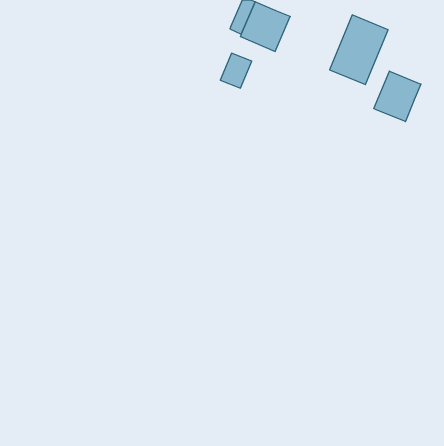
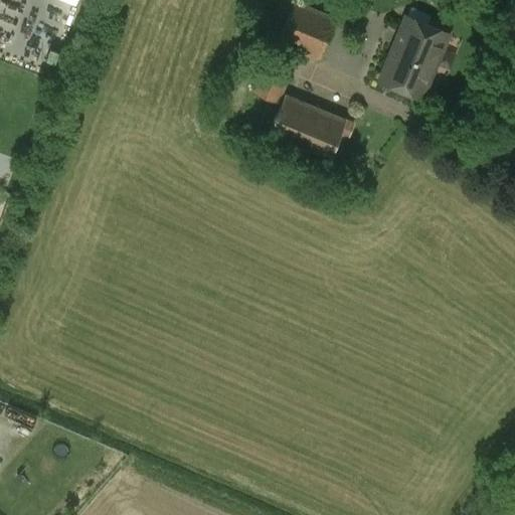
building: [374,71,421,122] -> none
building: none -> [269,95,347,165]

